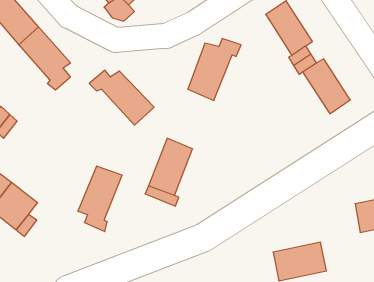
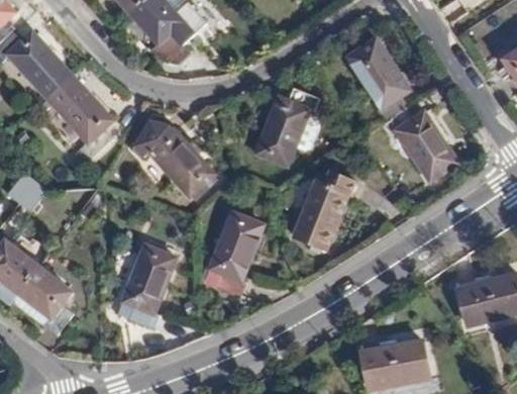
building: none -> [293,175,356,250]

